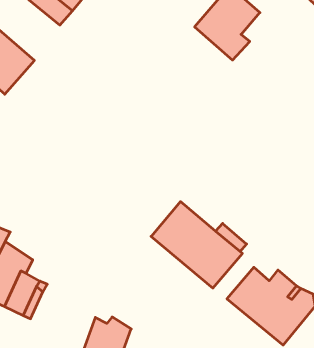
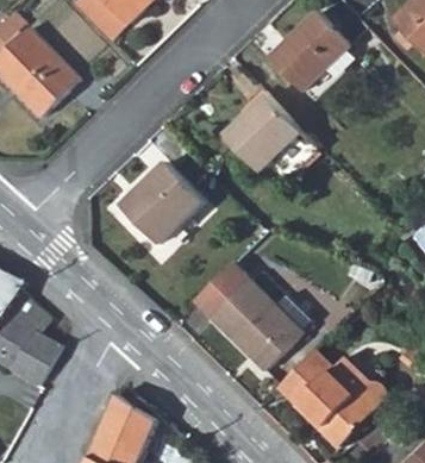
building: none -> [224,92,317,174]
building: none -> [117,165,199,248]

